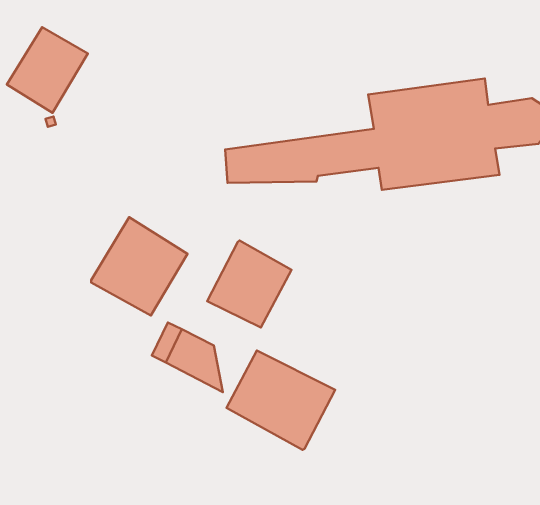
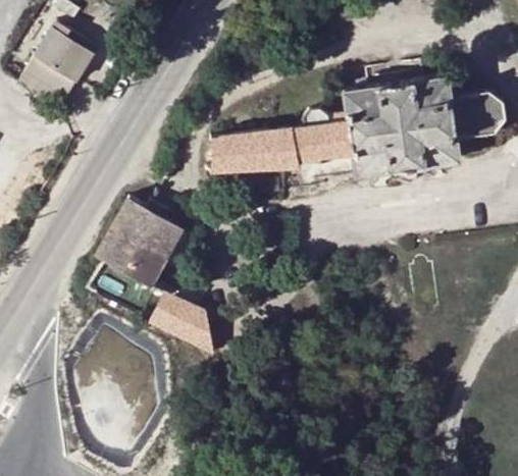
building: [207,241,291,328] -> none
building: [226,350,335,450] -> none

